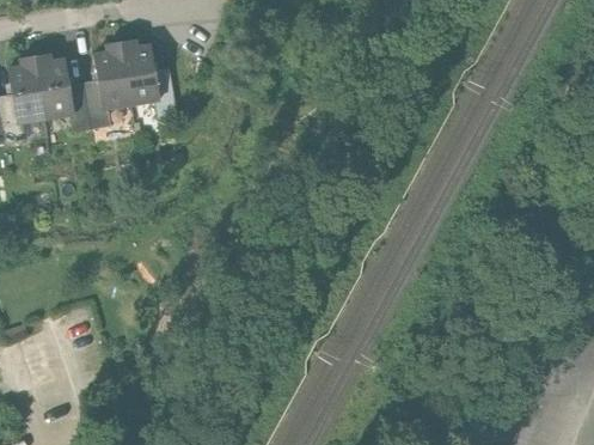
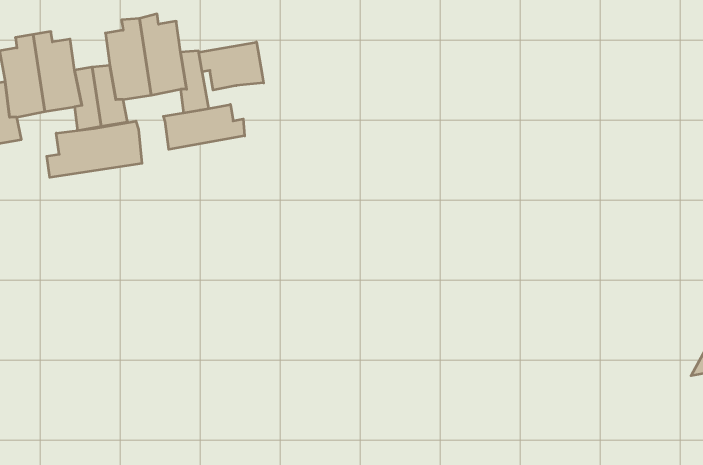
building: none -> [199,42,264,90]
building: none -> [163,104,245,149]
building: none -> [47,121,142,177]

